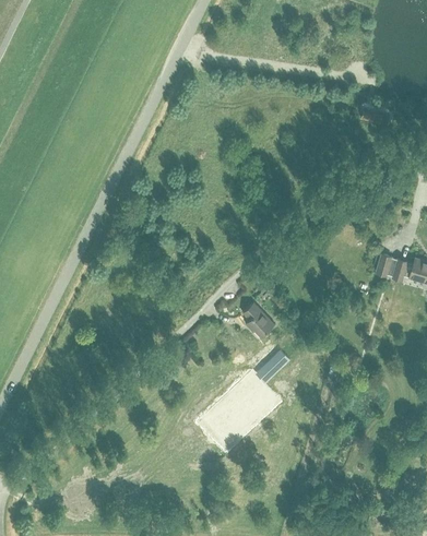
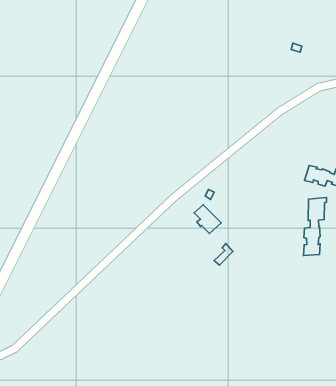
building: none -> [303,197,327,256]

